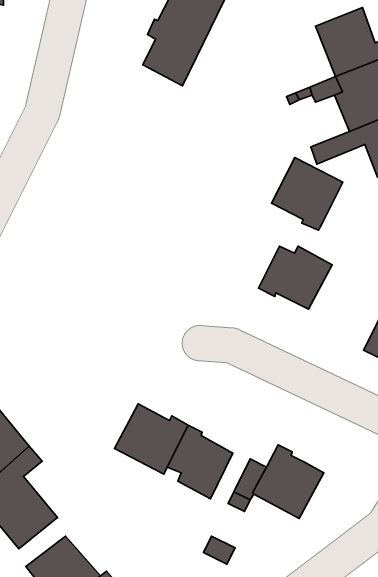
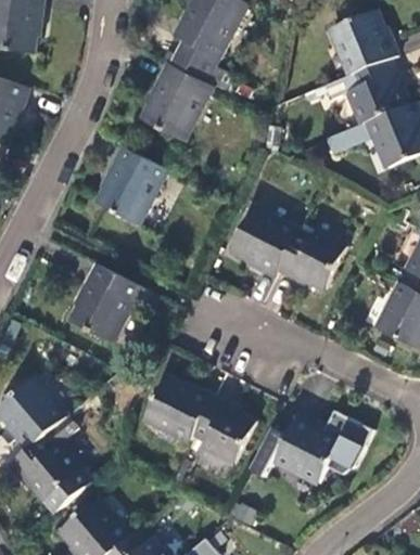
building: none -> [142,62,213,141]
building: none -> [98,146,166,225]
building: [272,158,343,230] -> [231,209,297,276]
building: none -> [72,263,140,341]
building: none -> [321,412,371,476]

